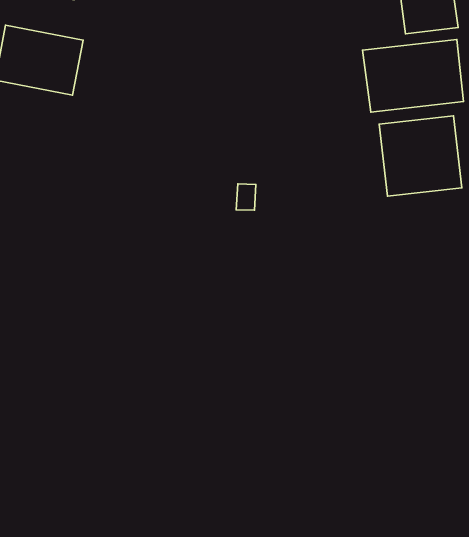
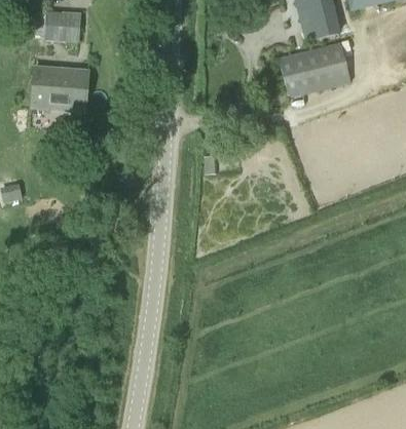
building: [379,116,462,196] -> none

